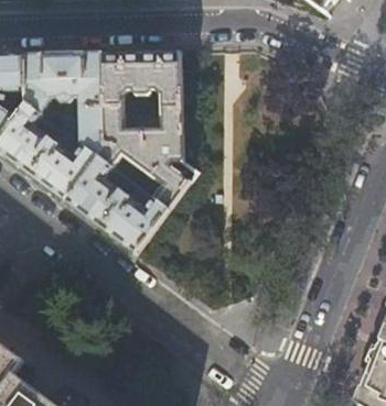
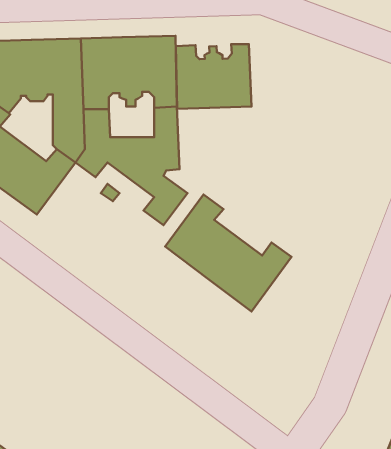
building: none -> [176,44,251,109]
building: [66,154,171,251] -> [165,194,292,312]

